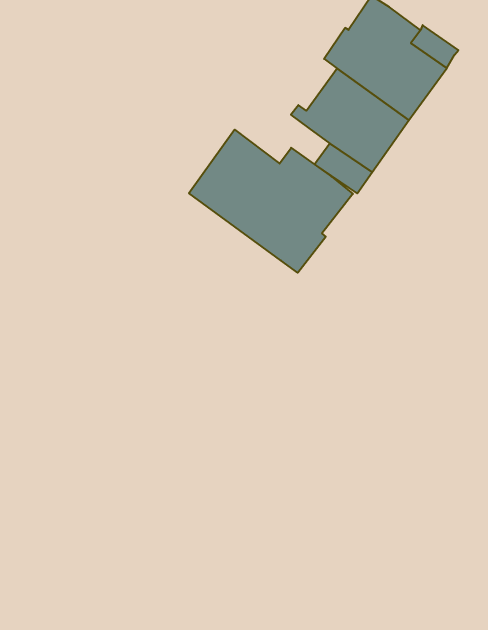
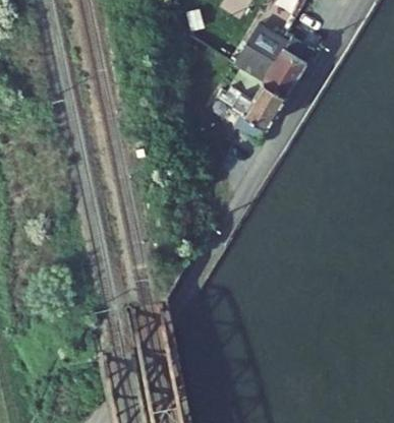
building: [189,130,353,273] -> none

